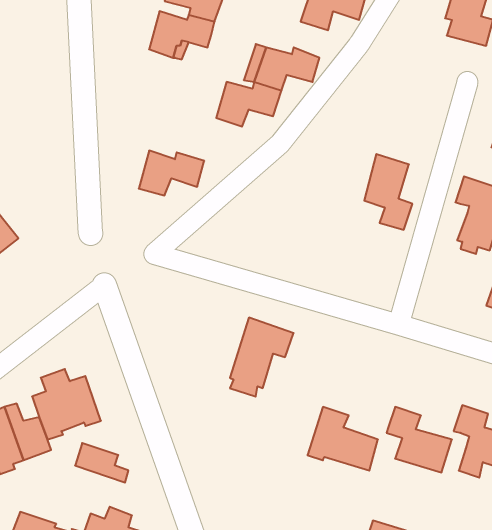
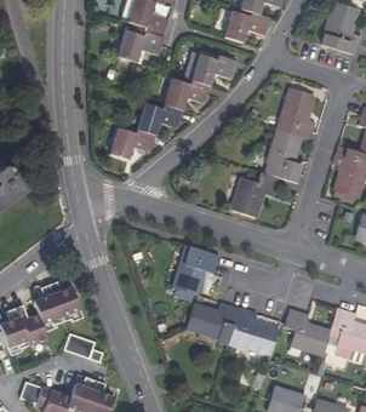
building: none -> [278,88,316,141]
building: none -> [137,103,183,135]
building: none -> [233,172,279,217]
building: none -> [187,302,240,342]

